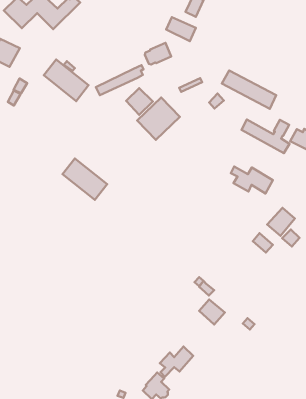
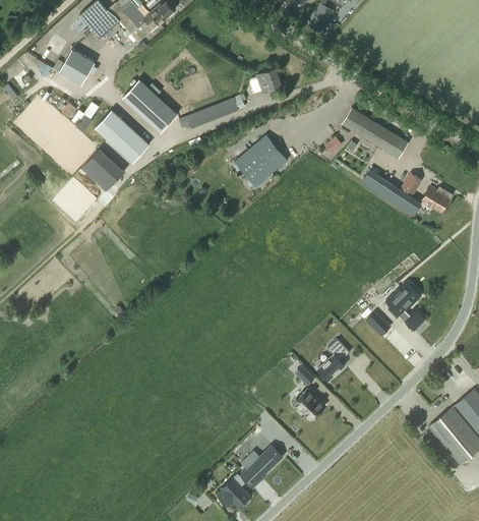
building: [166,17,196,41] -> none
building: [126,88,153,115] -> none
building: none -> [80,149,124,191]
building: [63,158,107,200] -> [95,110,148,163]
building: [231,167,273,193] -> none
building: none -> [317,339,350,381]

